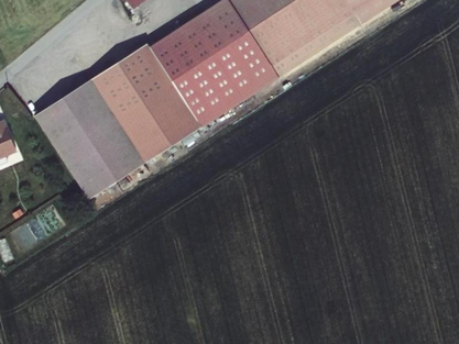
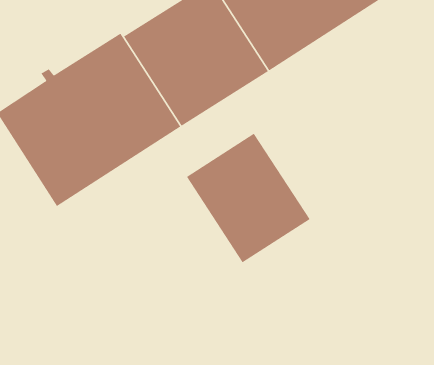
building: none -> [186,133,310,263]

